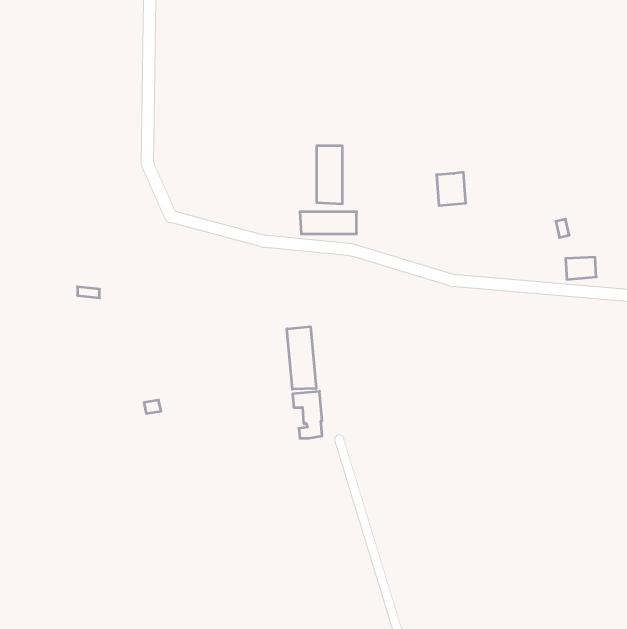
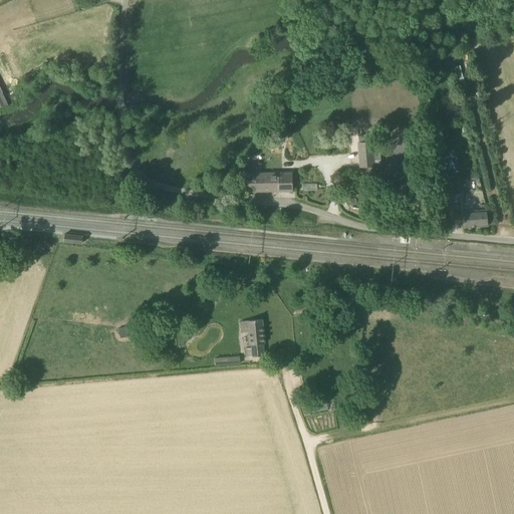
building: [317,146,342,204] -> none
building: [287,327,316,389] -> none

